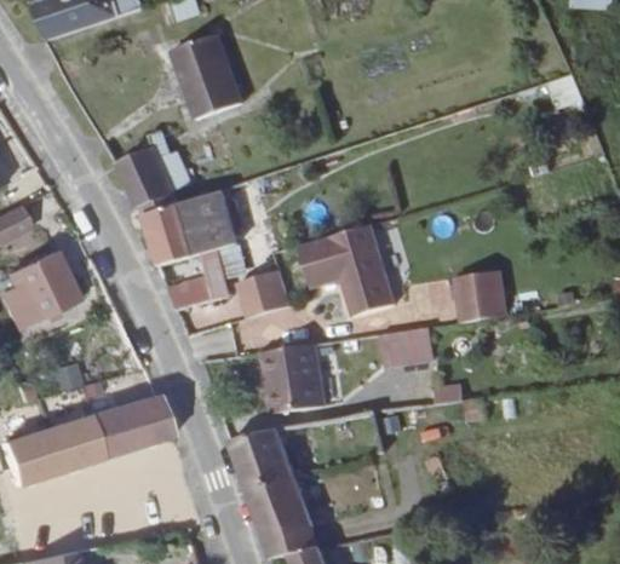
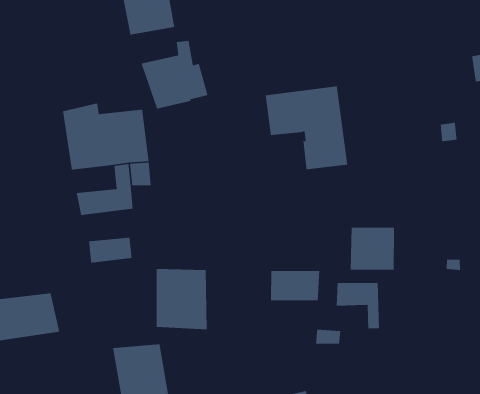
building: [114,132,189,208] -> [141,40,209,110]
building: [297,225,394,317] -> [265,85,348,170]
building: [236,271,288,320] -> none
building: none -> [336,282,380,329]

